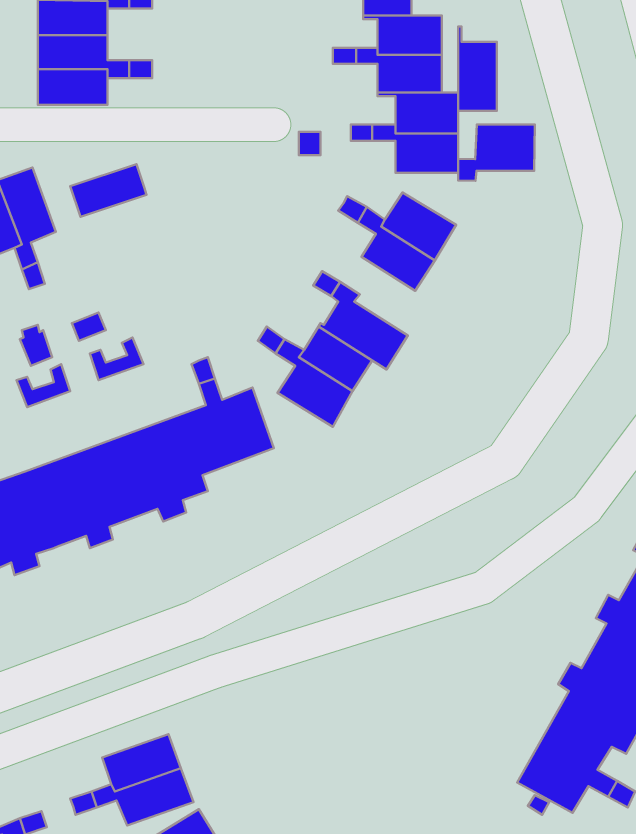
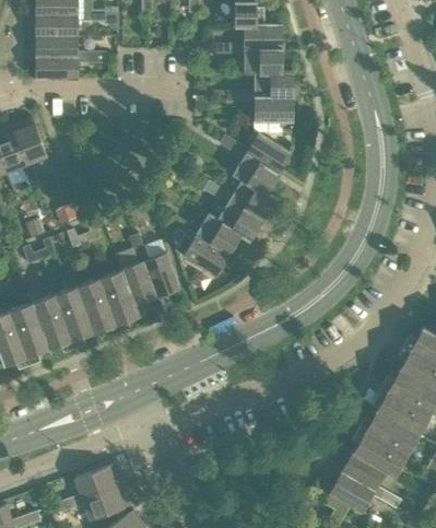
building: [458,26,497,111] -> none
building: [458,124,535,181] -> none
building: [70,164,147,217] -> none
building: none -> [229,172,275,220]

